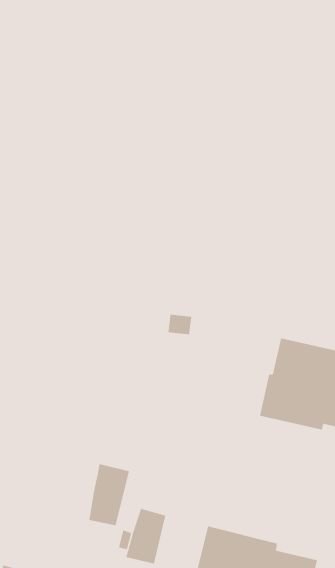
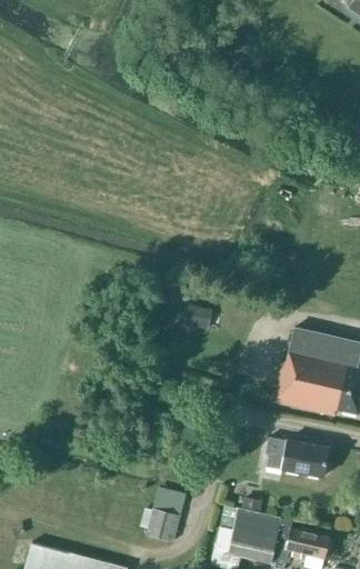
building: none -> [266,438,330,477]
building: [89,463,130,526] -> none

